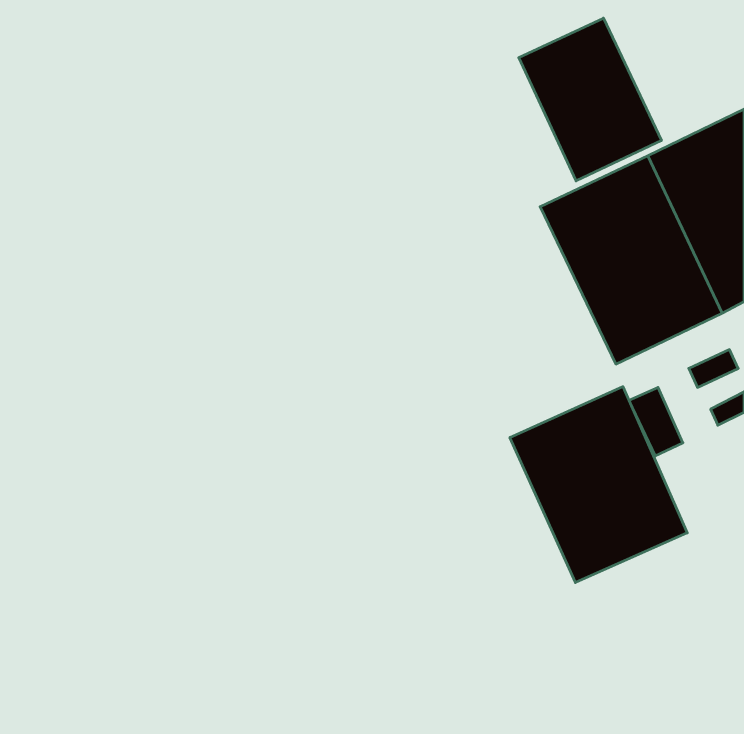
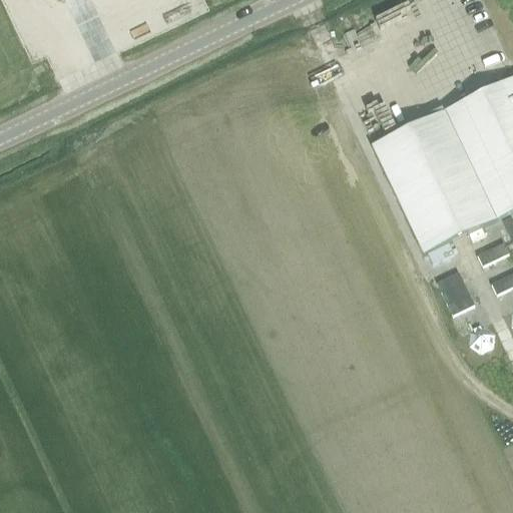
building: [519,18,661,181] -> none
building: [510,387,687,583] -> none

